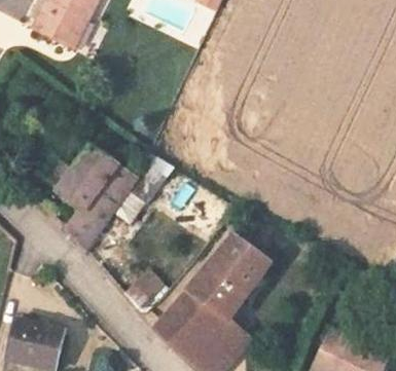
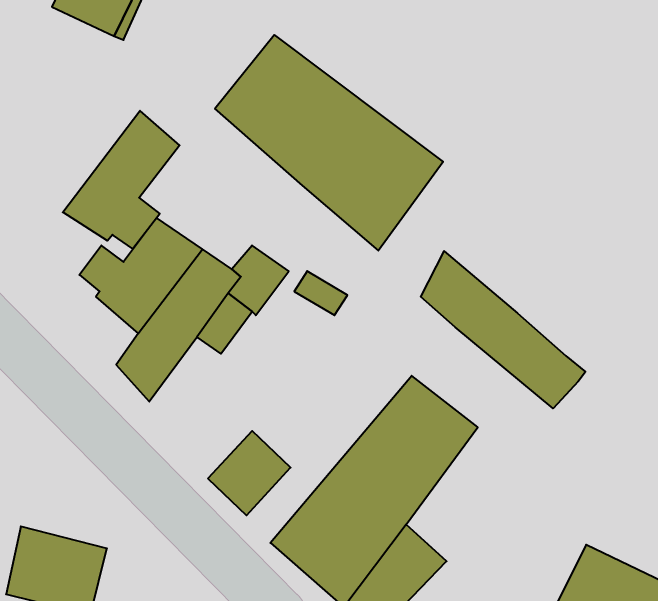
building: none -> [215,35,443,251]
building: none -> [63,111,180,249]
building: none -> [421,251,585,408]

